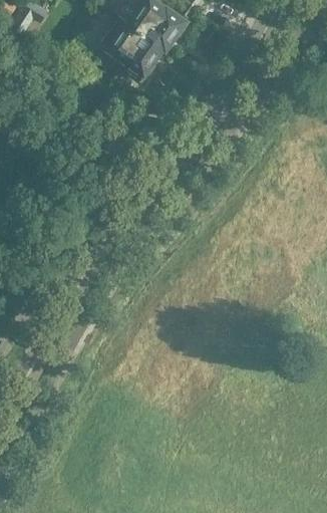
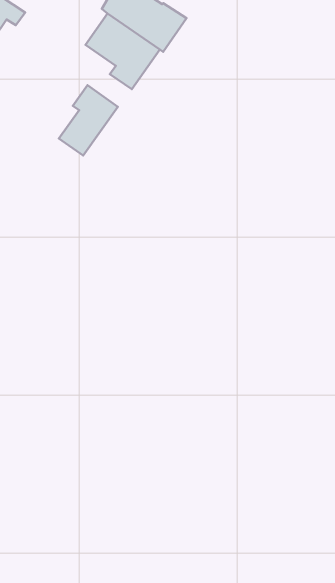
building: none -> [59,85,118,155]

